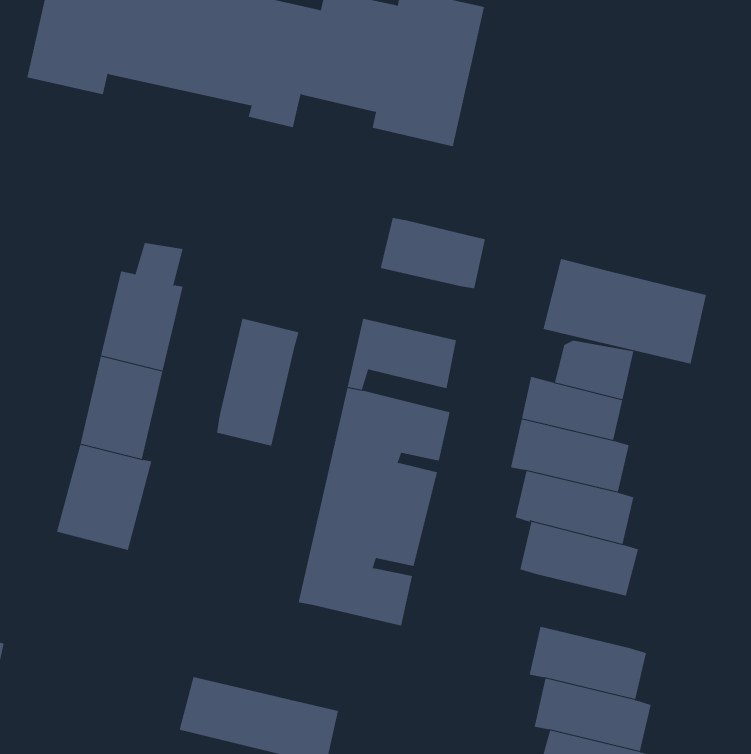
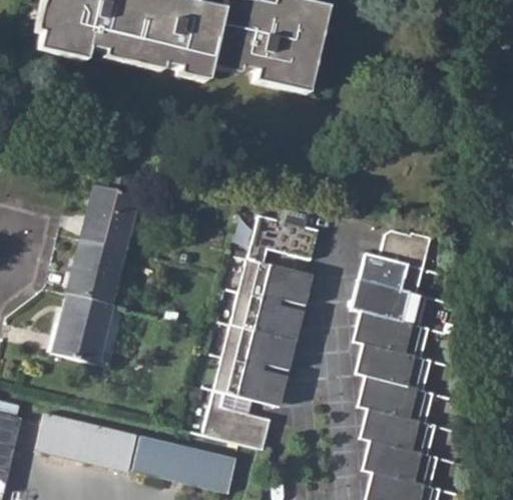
building: [380,217,486,289] -> none
building: [543,258,706,364] -> none
building: [216,318,299,447] -> none
building: none -> [357,372,432,419]
building: none -> [202,390,270,449]
building: none -> [41,414,140,470]

